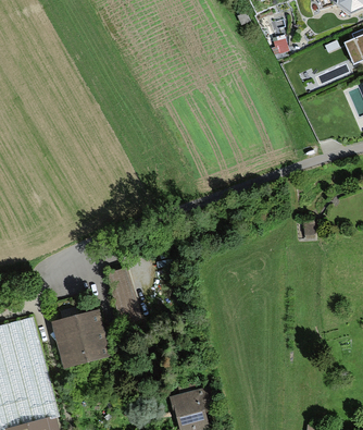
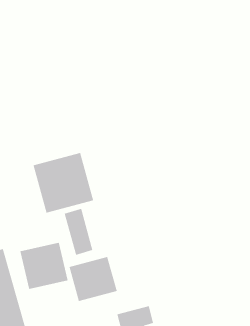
building: none -> [33,152,94,214]
building: none -> [69,256,117,302]

